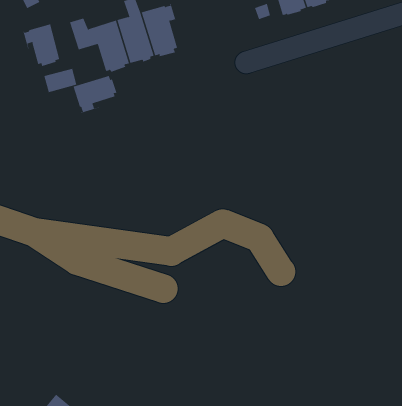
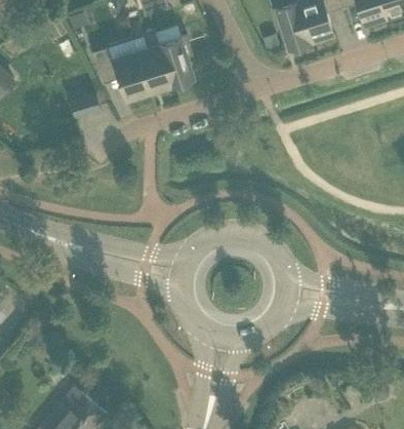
building: [23,23,60,67] -> none
building: [73,75,117,113] -> none

